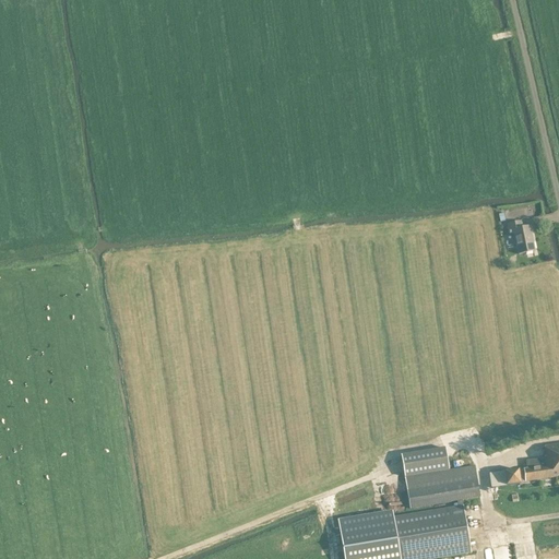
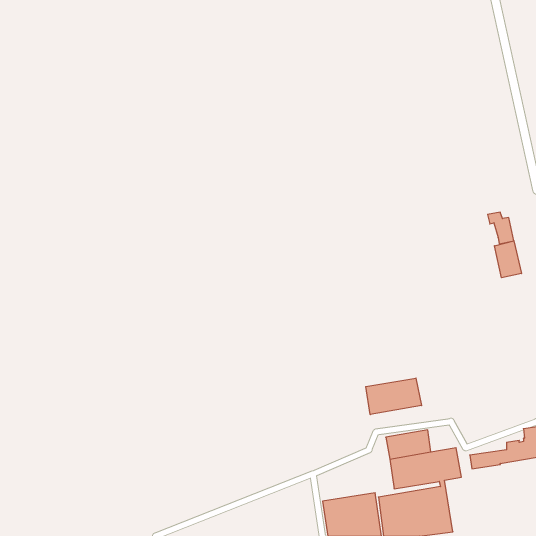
building: none -> [494,241,521,278]
building: none -> [366,378,422,415]

